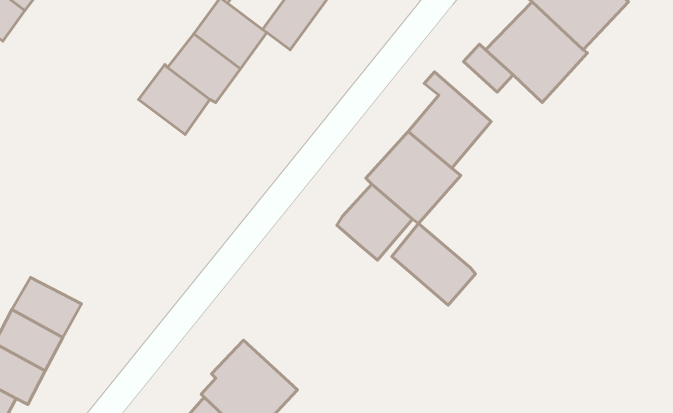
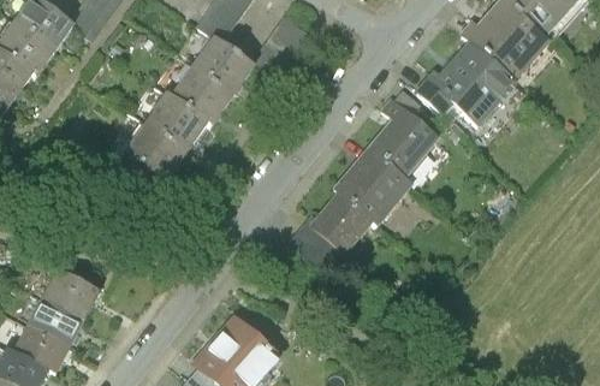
building: none -> [125,121,185,179]
building: none -> [287,214,329,263]
building: [392,224,476,305] -> none

